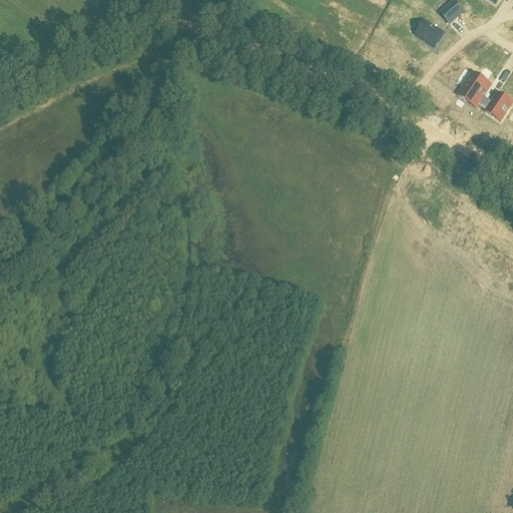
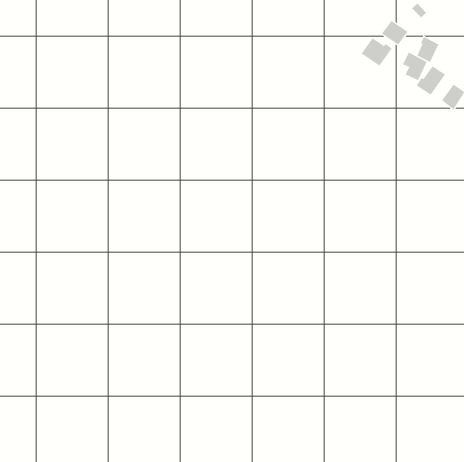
building: none -> [416,36,439,63]
building: none -> [361,37,393,67]

